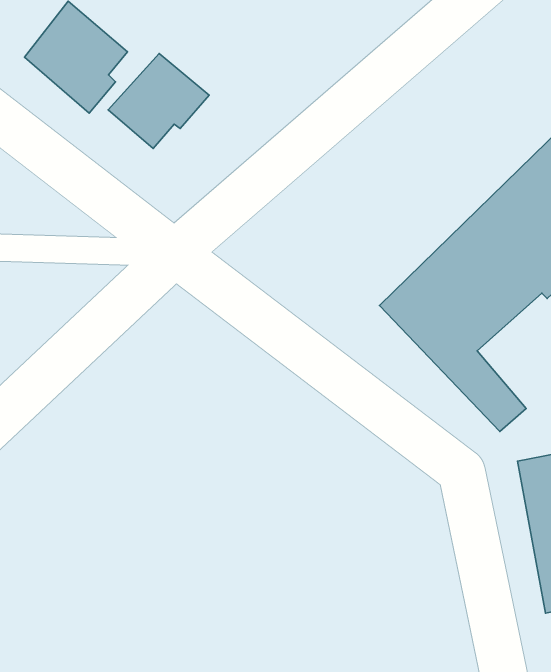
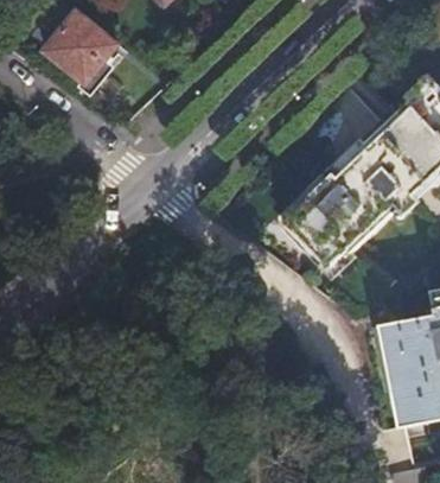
building: [108,54,209,148] -> none

